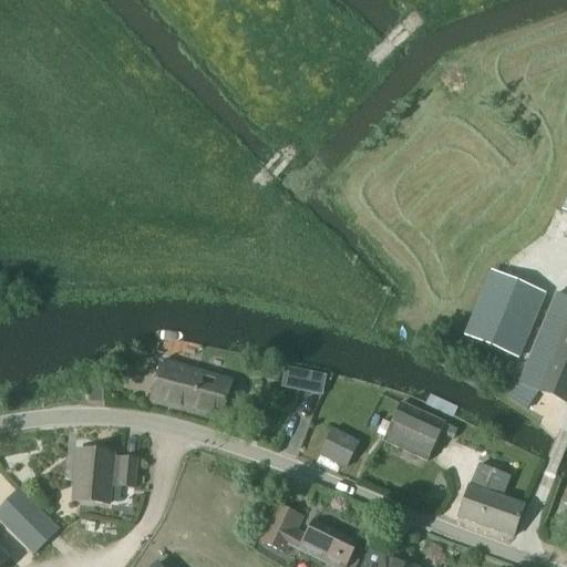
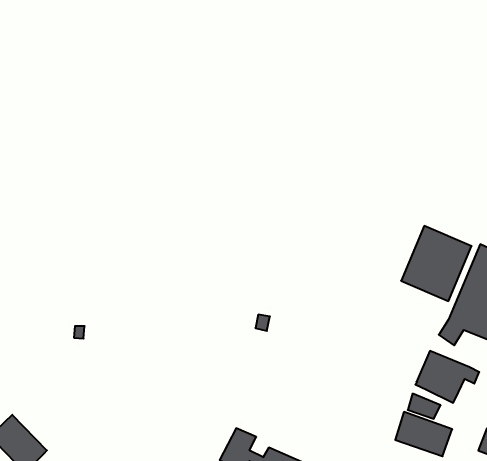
building: [151,359,231,417] -> none
building: [383,400,456,460] -> [415,351,479,403]
building: [320,426,358,464] -> none
building: [73,449,137,502] -> none

